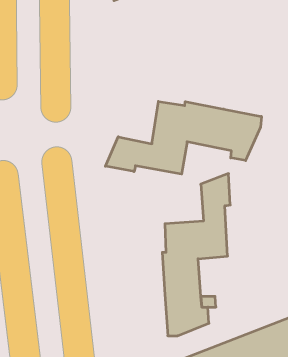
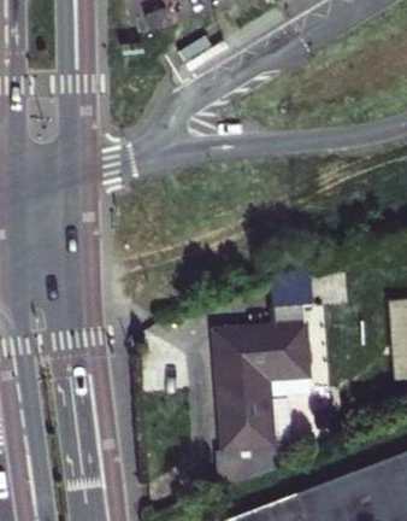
building: [105,101,261,174] -> none

